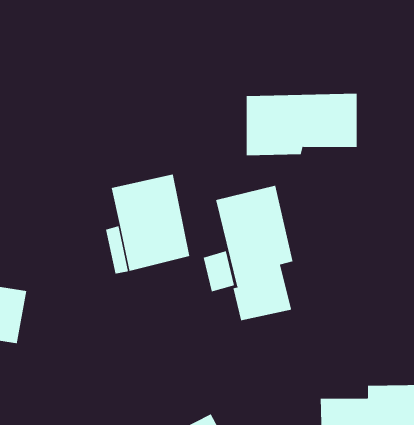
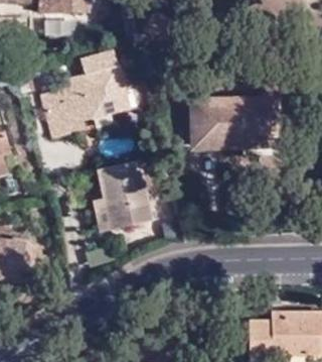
building: none -> [40,52,128,137]
building: [215,185,293,321] -> none

